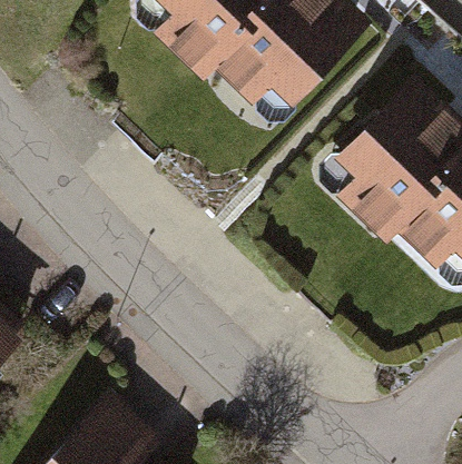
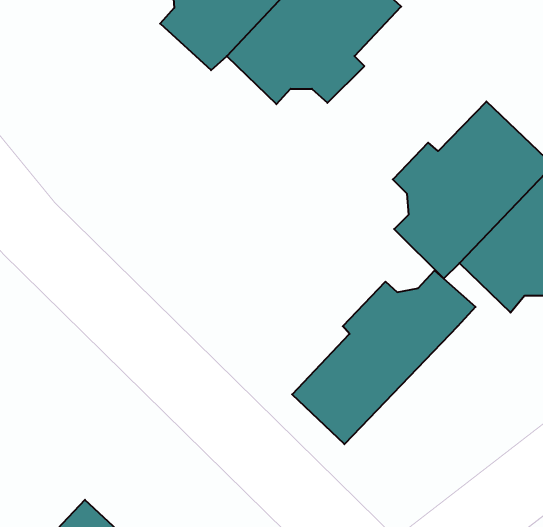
building: none -> [292,270,476,444]

